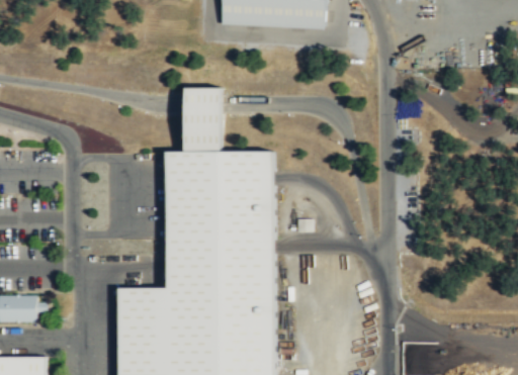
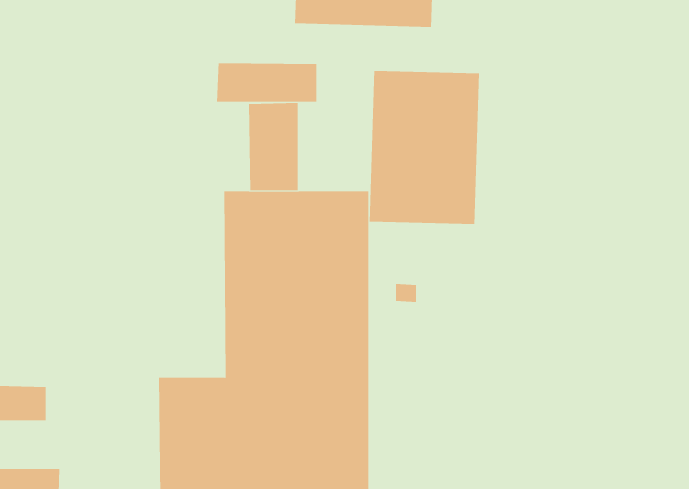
building: none -> [216,62,317,102]
building: none -> [369,70,479,225]

